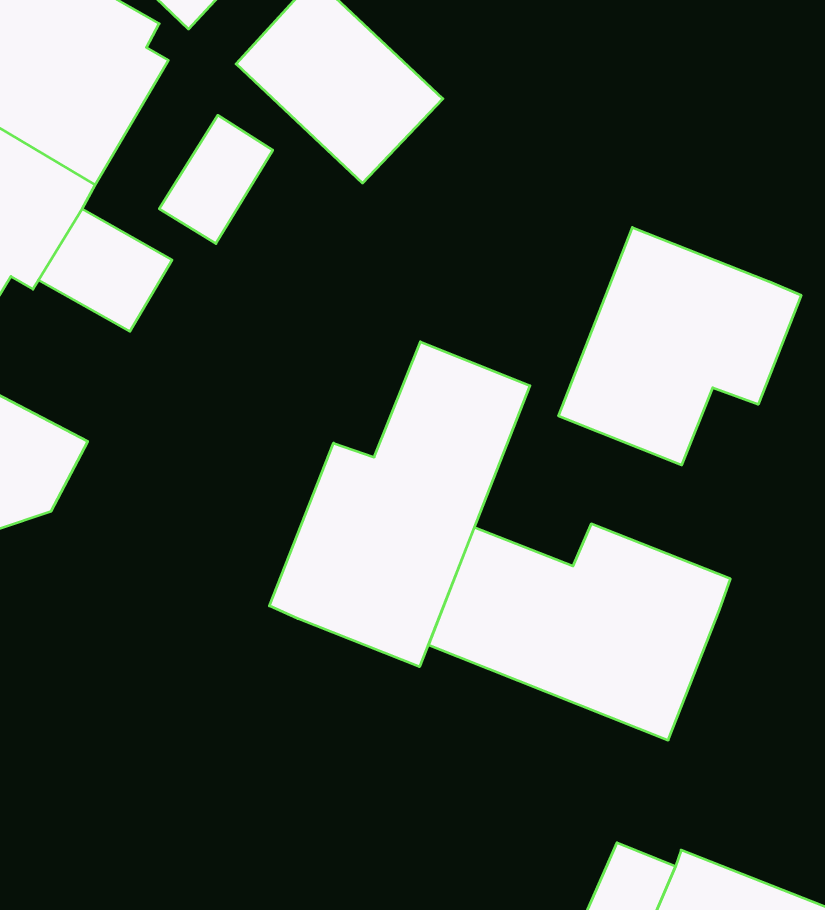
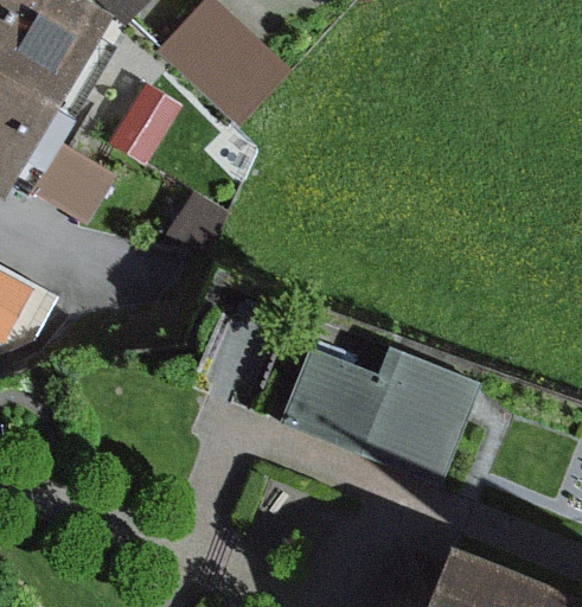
building: [559,227,801,465] -> none
building: [269,342,530,667] -> none

